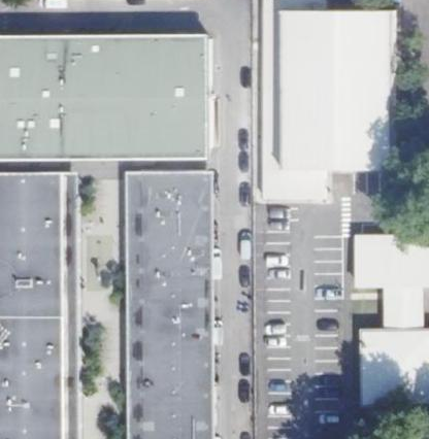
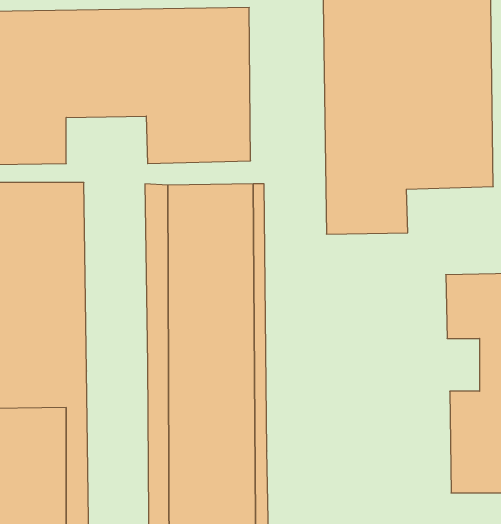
building: [64,119,126,155] -> none

